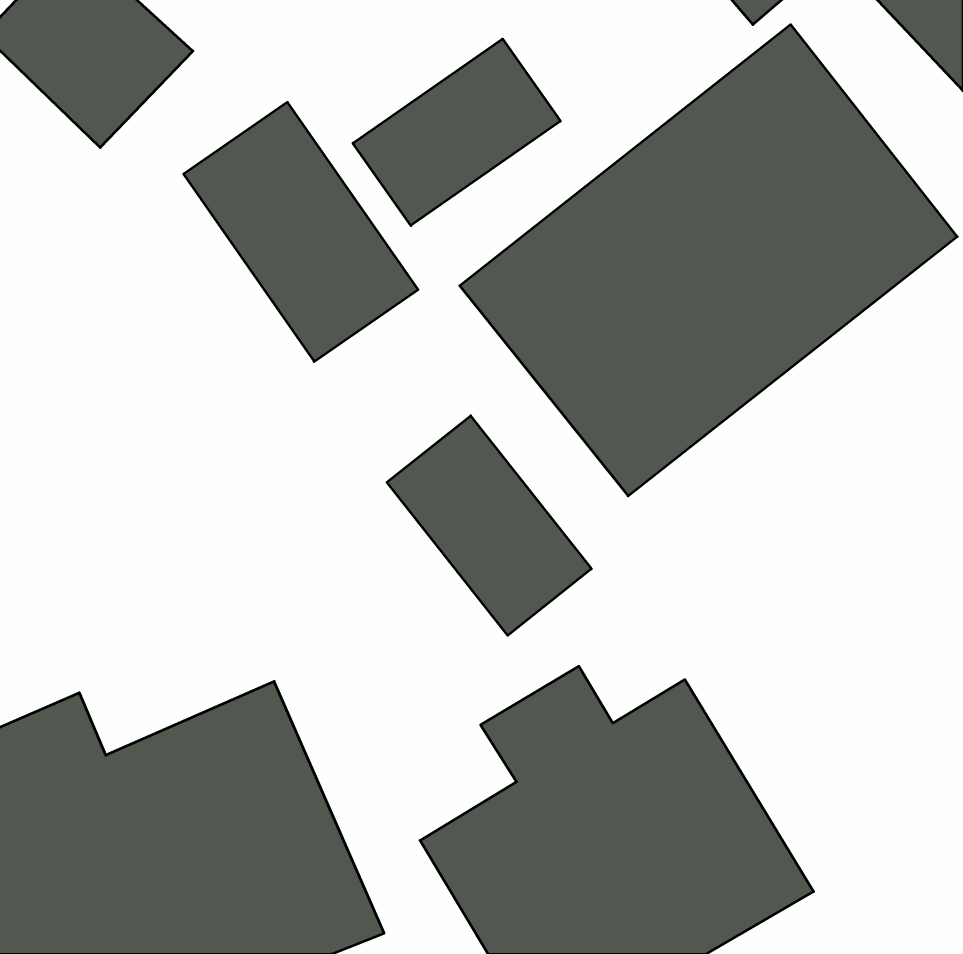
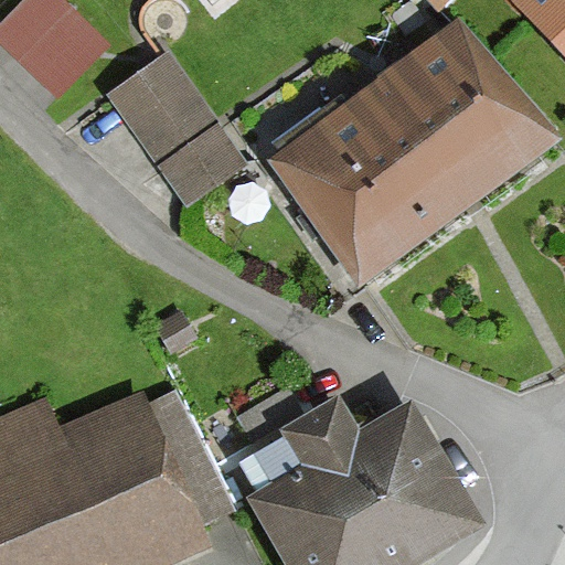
building: [353,39,560,226] -> none
building: [387,416,591,635] -> none

